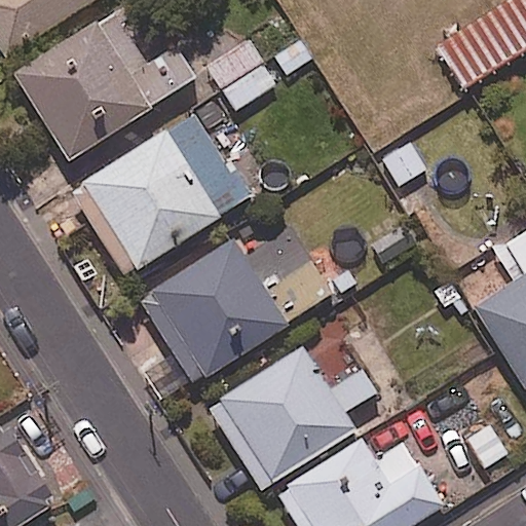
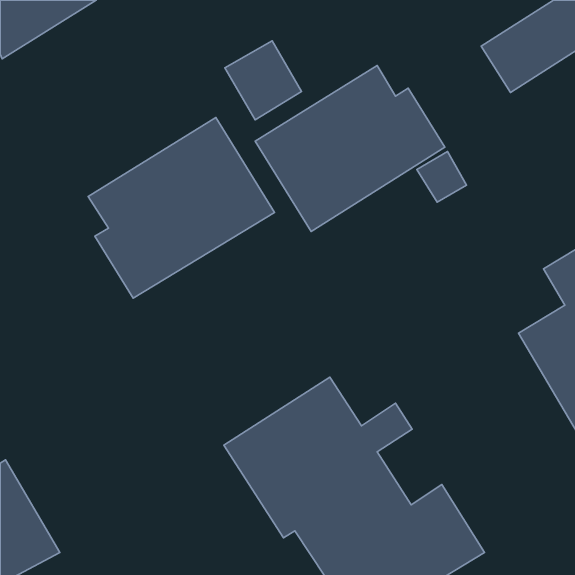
building: [14,11,197,158] -> none
building: none -> [255,65,445,231]
building: [151,237,334,376] -> none

